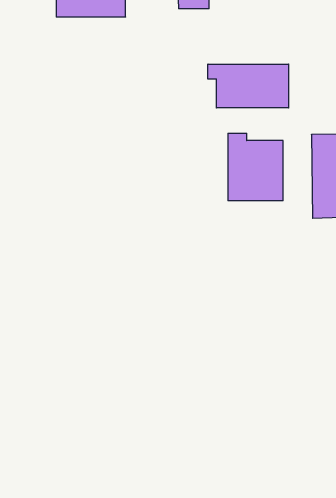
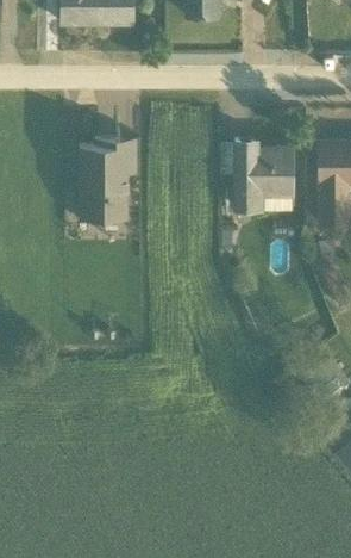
building: [208,64,289,108] -> none
building: none -> [80,136,137,218]

